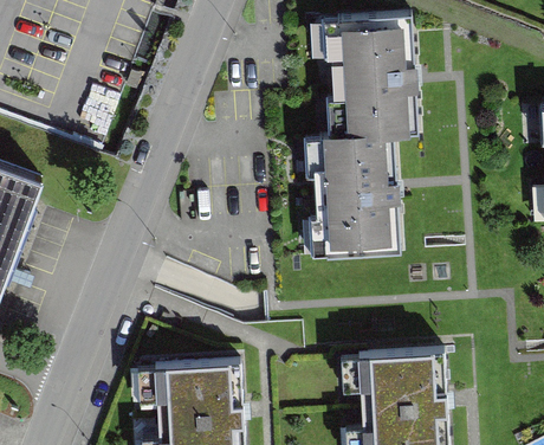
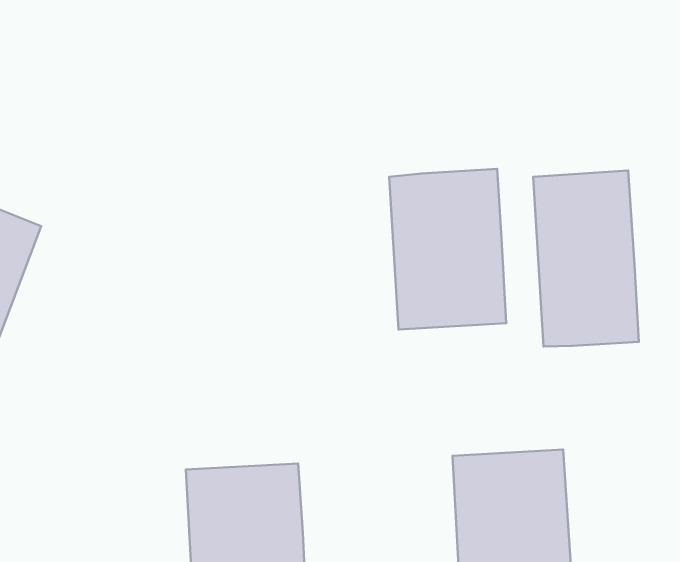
building: [329,15,420,141] -> none
building: none -> [533,171,639,346]

